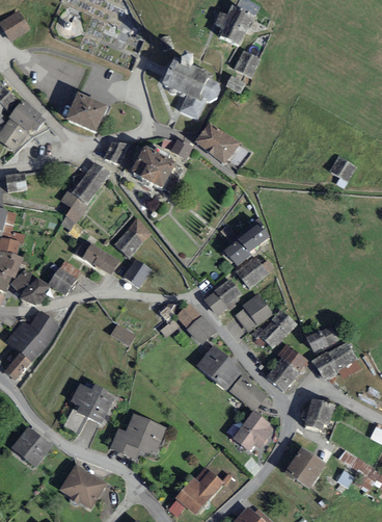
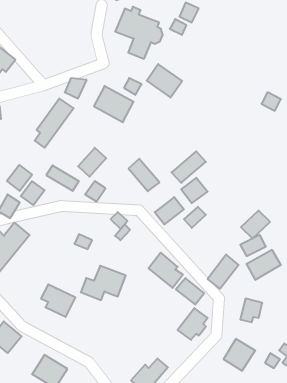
building: [64,95,101,130] -> none
building: none -> [7,165,32,191]
building: [176,305,213,343] -> [129,159,159,191]
building: [257,311,292,344] -> [241,210,270,239]
building: [110,416,163,456] -> [81,266,126,300]

